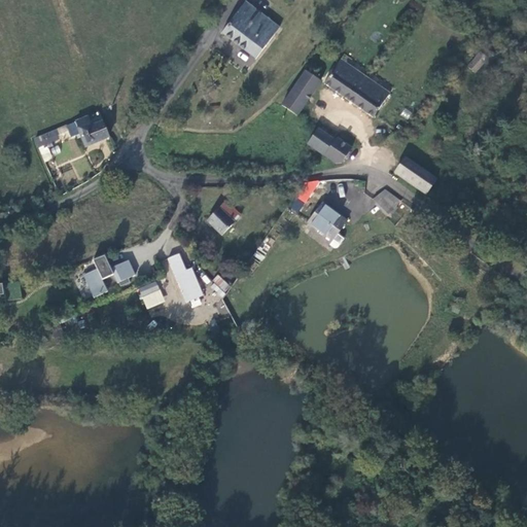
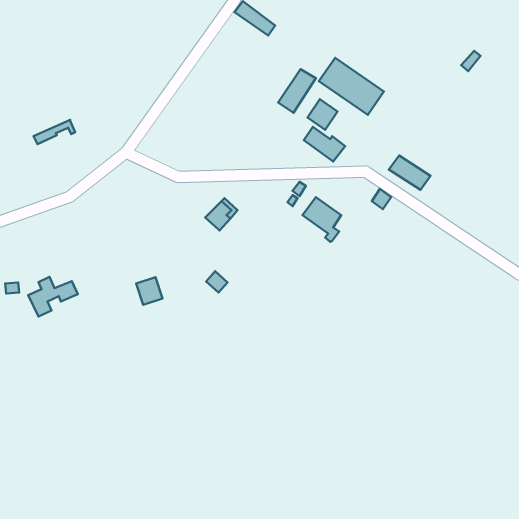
building: [222,12,272,58] -> none
building: none -> [307,99,337,130]
building: [71,112,108,146] -> none
building: [168,255,201,301] -> none
building: [83,257,134,297] -> [28,277,78,317]

